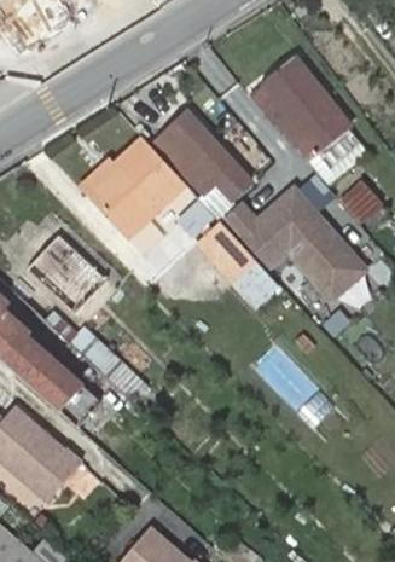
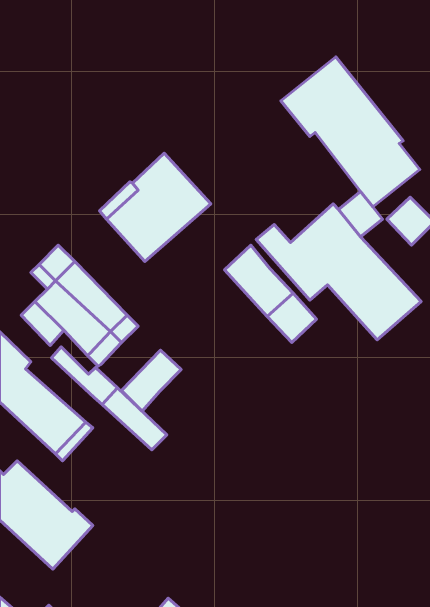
building: [159,114,255,203] -> none
building: none -> [122,350,181,411]

